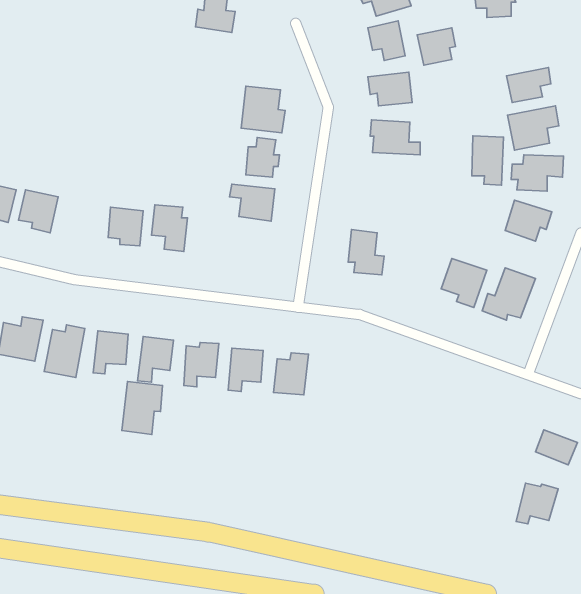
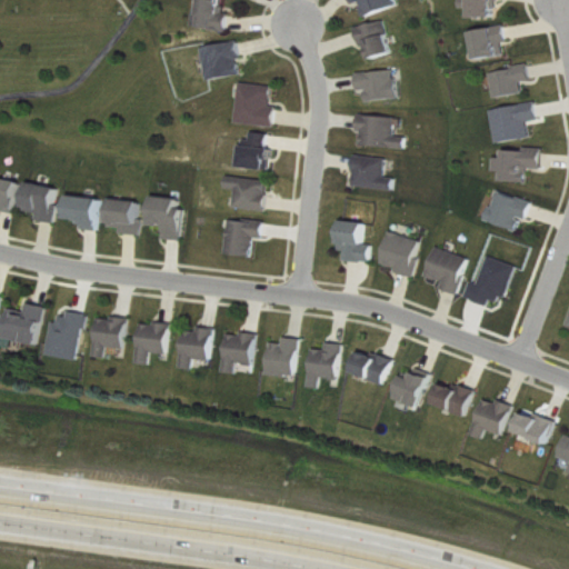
building: [417,28,455,65] -> [466,24,502,60]
building: none -> [196,40,237,80]
building: [472,136,503,185] -> none
building: none -> [347,154,390,189]
building: none -> [61,194,97,230]
building: none -> [219,218,258,257]
building: none -> [375,231,416,276]
building: none -> [302,342,338,388]
building: none -> [348,352,388,382]
building: [122,382,162,434] -> none
building: none -> [390,368,427,407]
building: none -> [429,383,469,415]
building: [516,483,558,524] -> [468,399,508,438]

